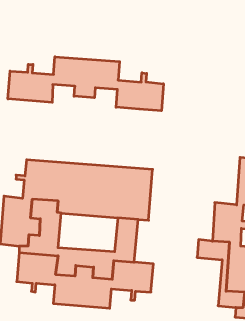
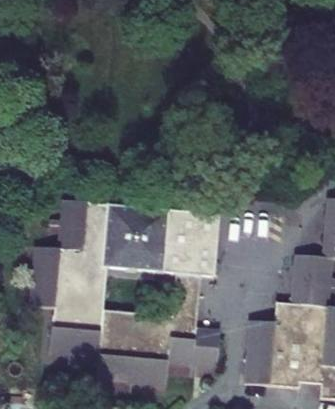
building: [8,57,163,111] -> none
building: none -> [245,321,305,389]

